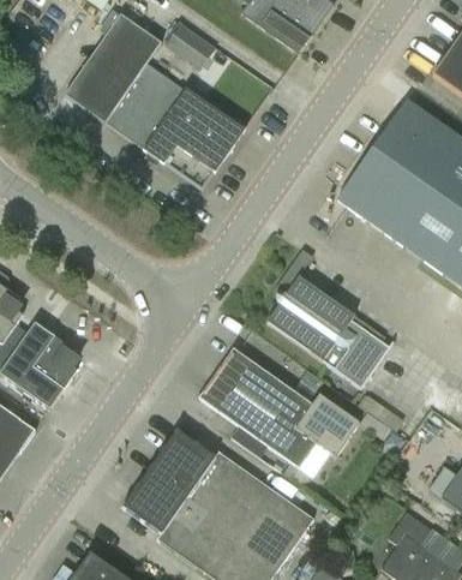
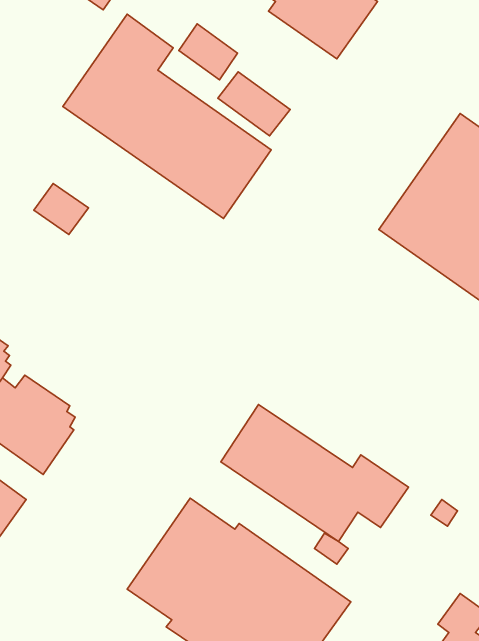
building: none -> [218,72,290,136]
building: none -> [34,183,88,235]
building: [268,269,388,385] -> none

